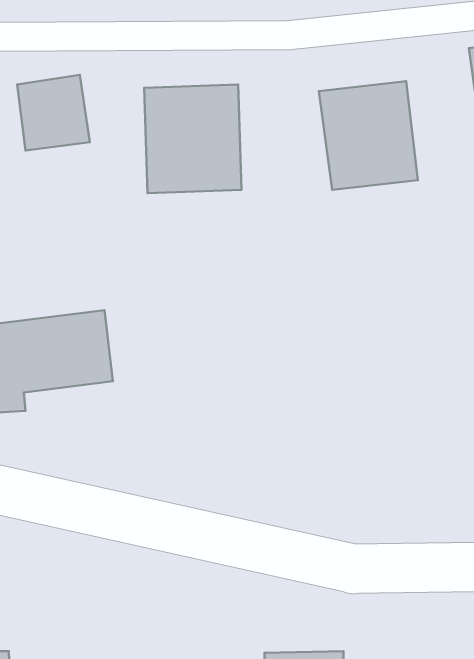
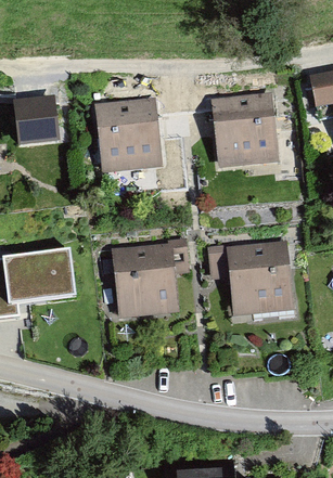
building: none -> [226,241,292,318]
building: none -> [110,242,176,315]

